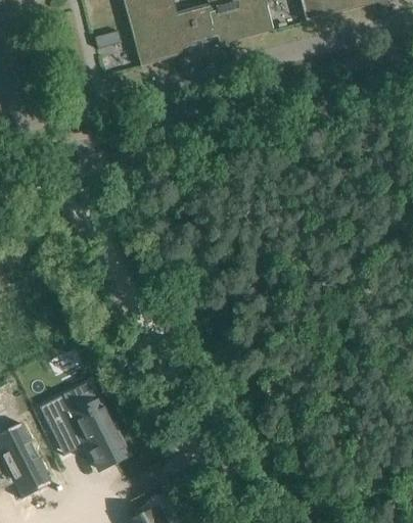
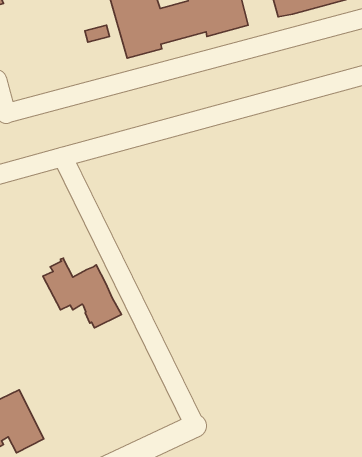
building: [43,390,129,466] -> [43,258,122,328]

